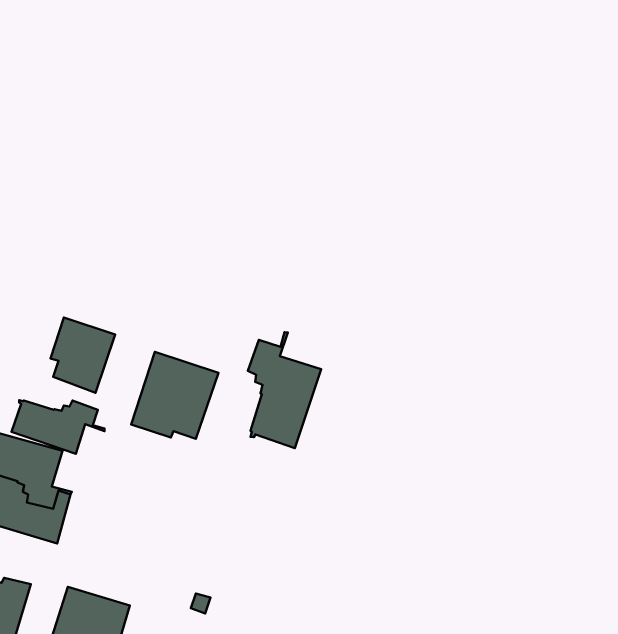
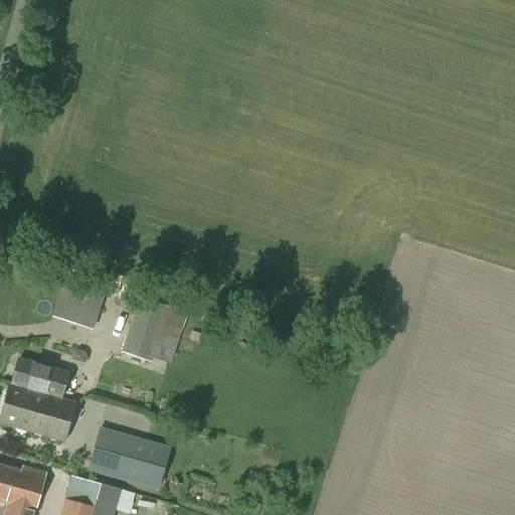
building: [248,332,321,448] -> none
building: [11,400,105,454] -> none
building: none -> [88,426,170,490]

